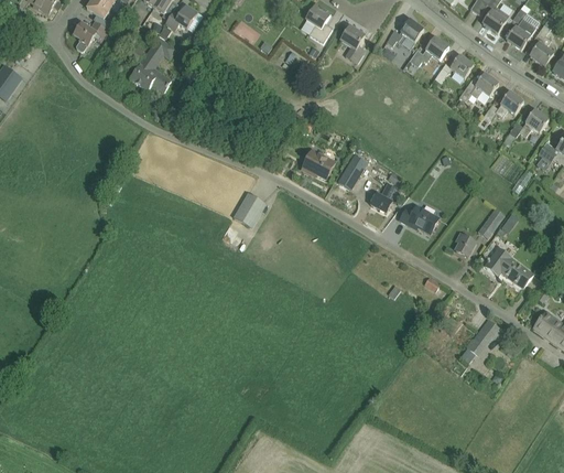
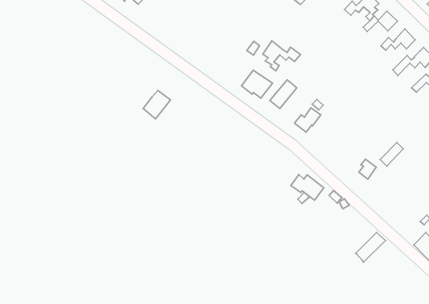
building: none -> [263,41,300,71]
building: [234,193,264,227] -> [143,90,171,119]
building: [399,205,438,234] -> [291,175,324,200]
building: [485,247,533,288] -> none

